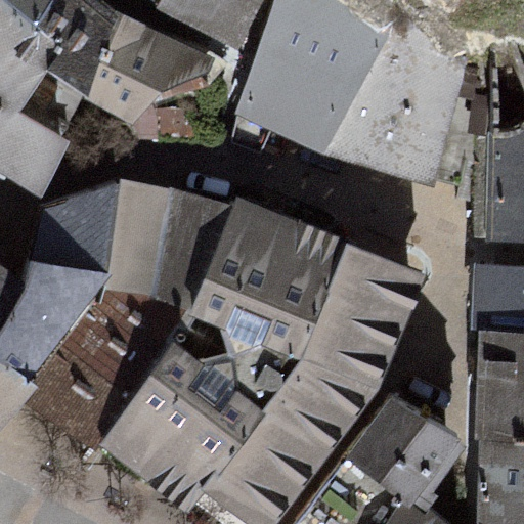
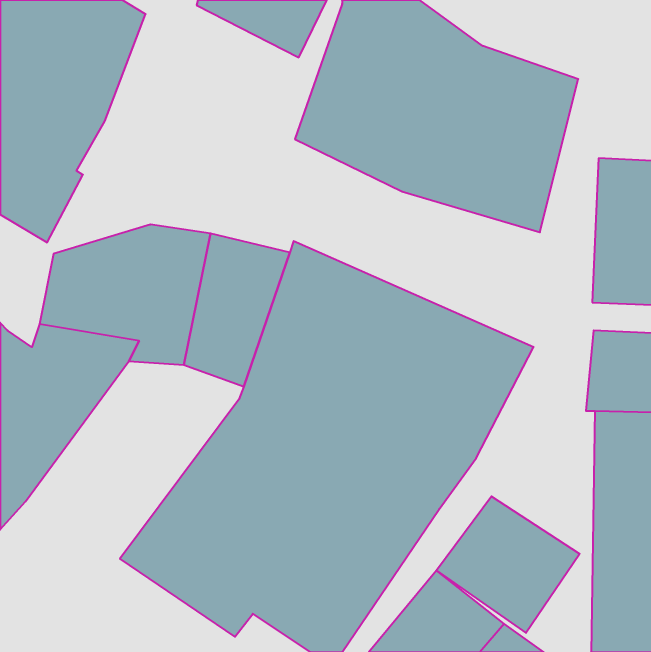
building: [85,11,215,137] -> none
building: [21,290,196,448] -> none

